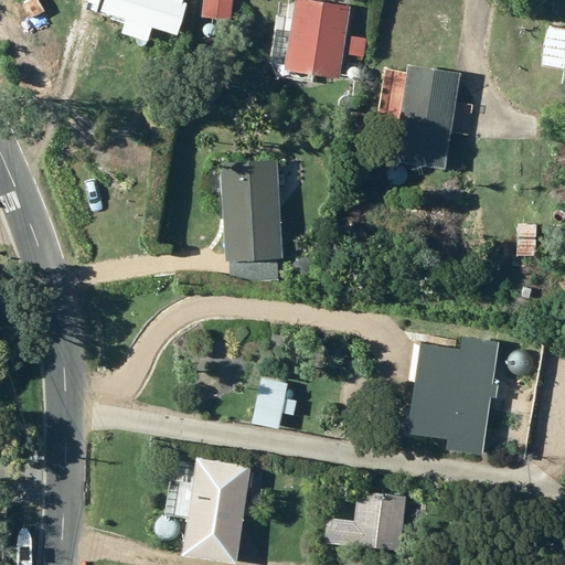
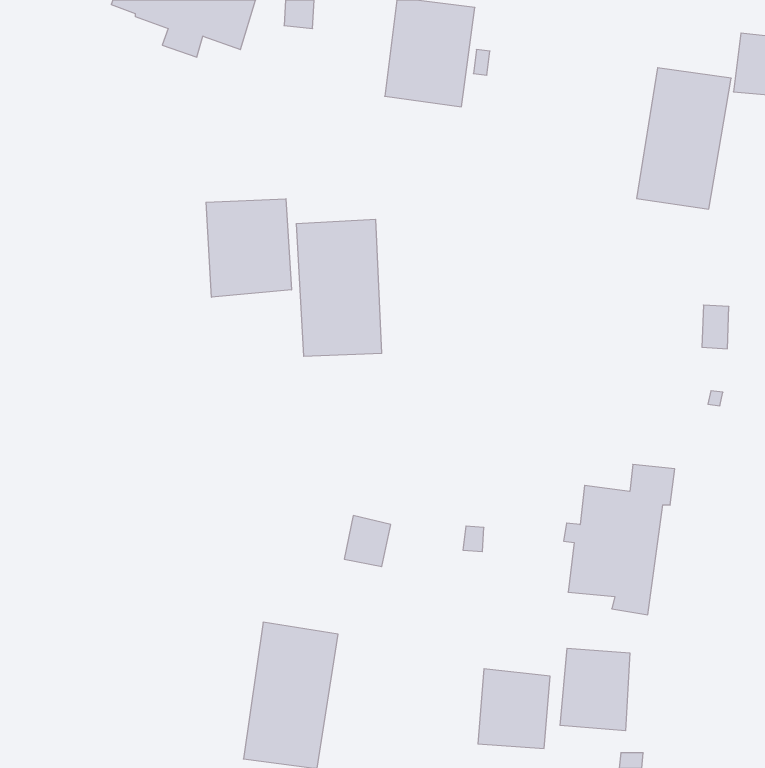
building: [392,66,461,170] -> [637,68,731,209]
building: none -> [206,199,291,297]
building: none -> [560,648,630,731]

